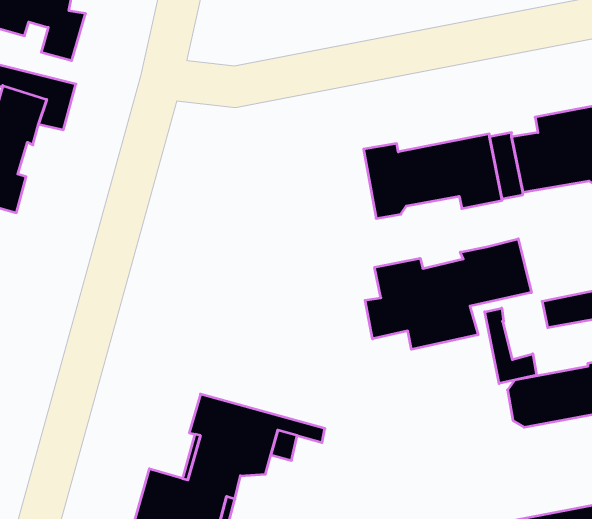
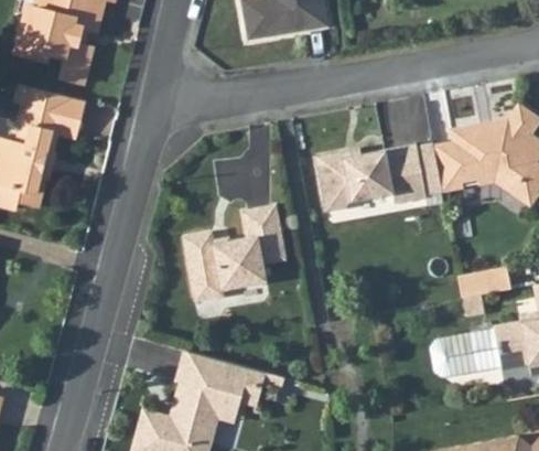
building: none -> [184,204,287,302]
building: [365,239,531,349] -> none
building: [485,308,536,384] -> none

